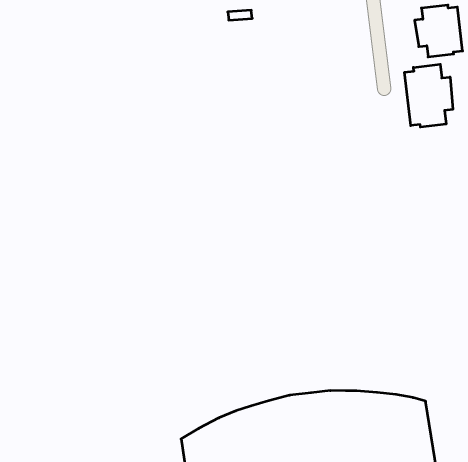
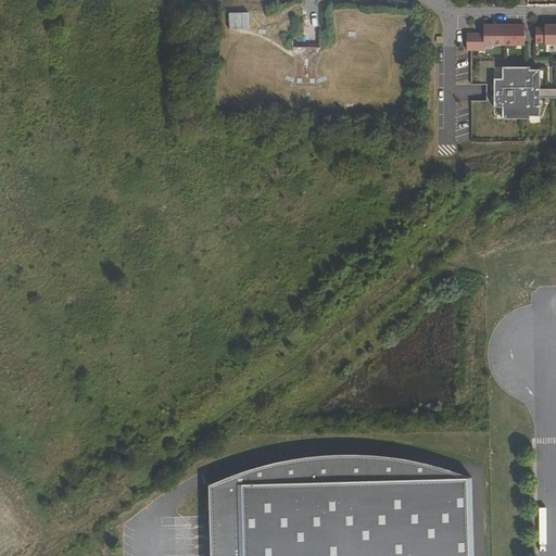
building: [405,64,453,127] -> none

